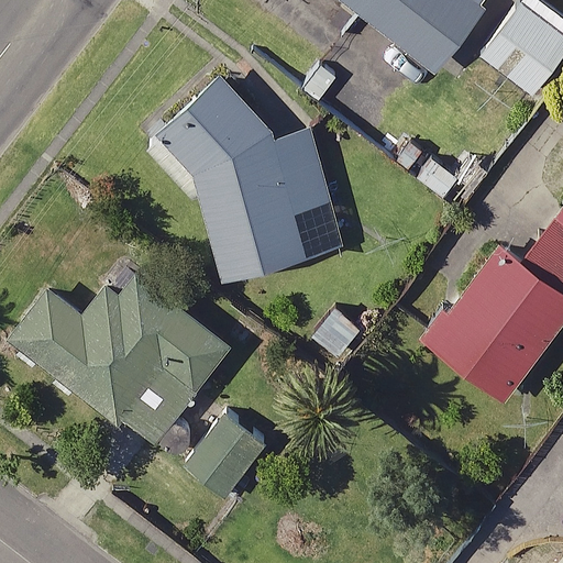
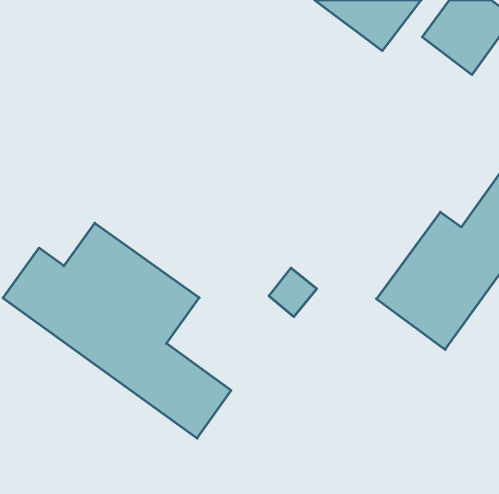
building: [147,62,343,278] -> none

